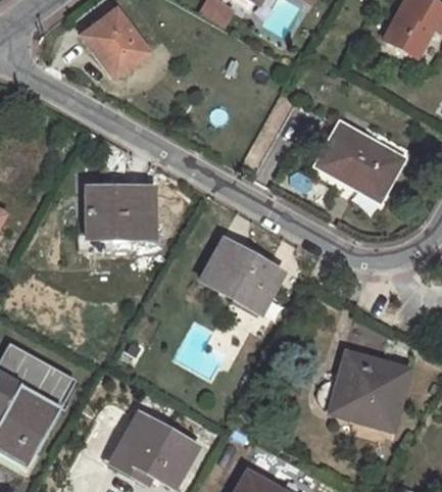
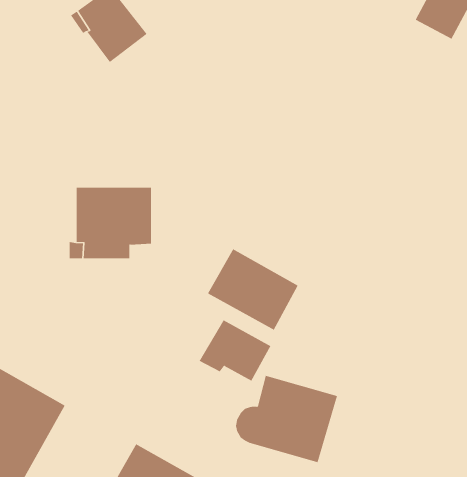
building: [315,121,404,198] -> none
building: none -> [199,320,271,381]
building: [318,350,409,428] -> [235,375,338,463]

